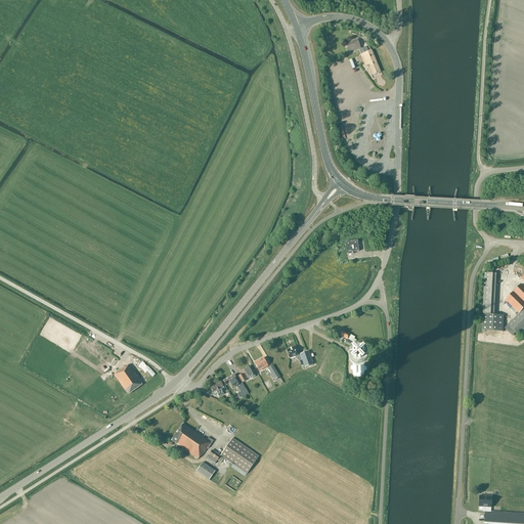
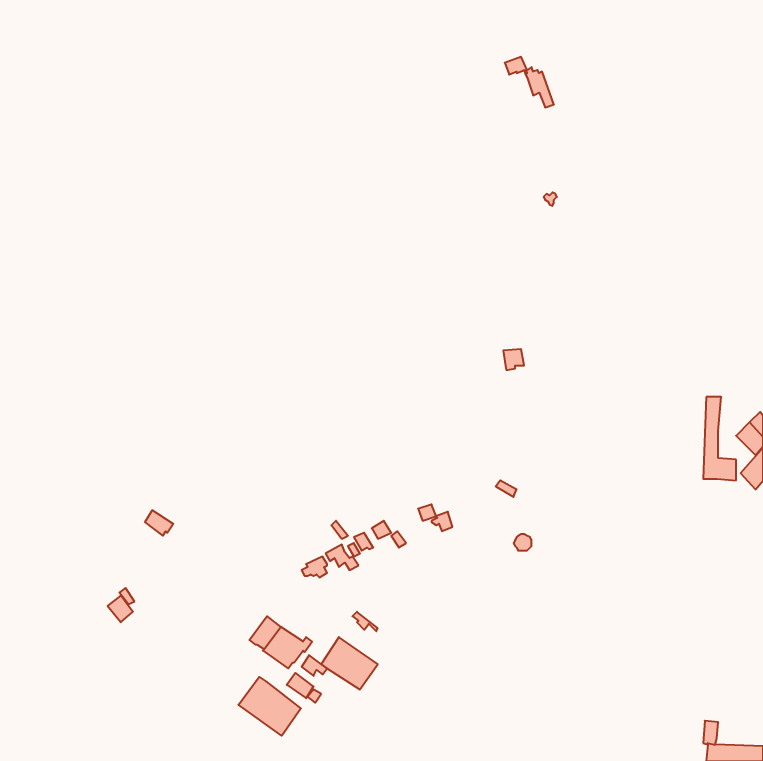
building: [114,363,142,393] -> none
building: none -> [238,677,301,736]

